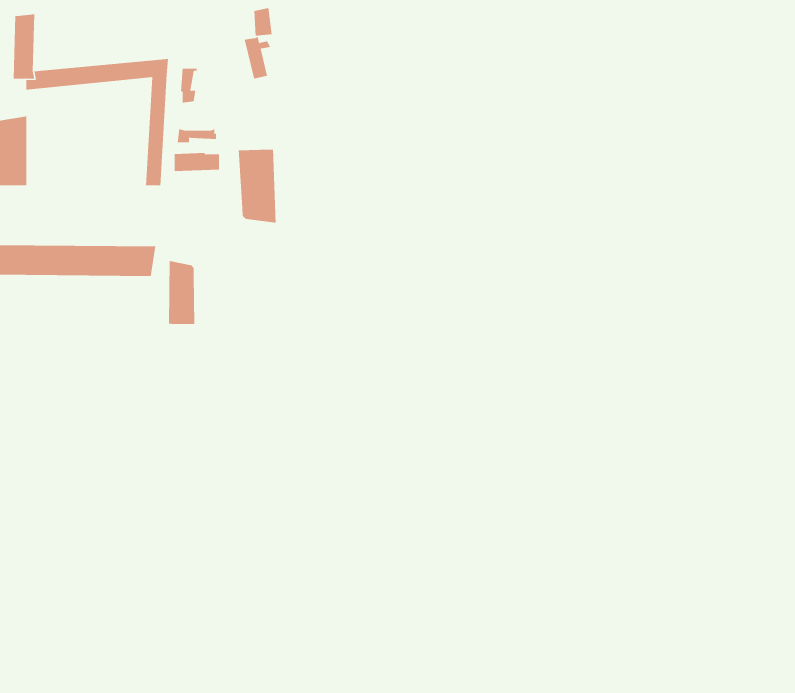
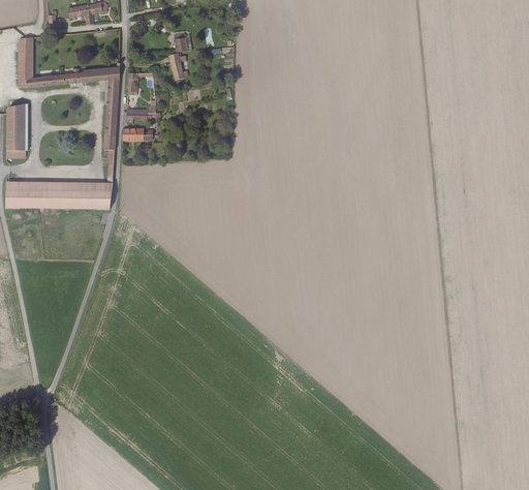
building: [238,149,276,224] -> none
building: [169,260,195,325] -> none

